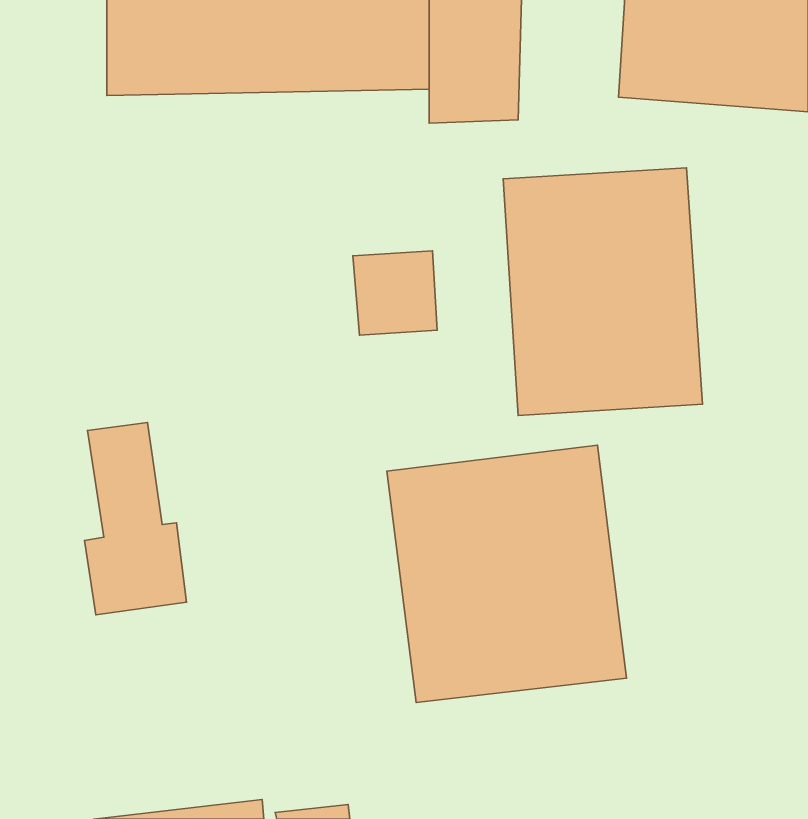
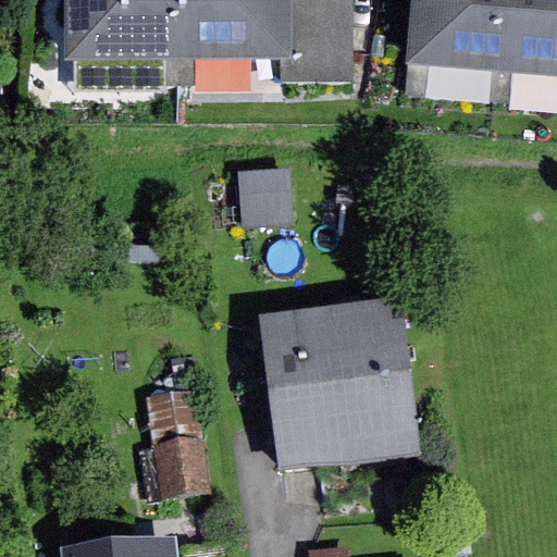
building: [503,168,702,415] -> none
building: [84,422,186,615] -> [139,369,208,498]

